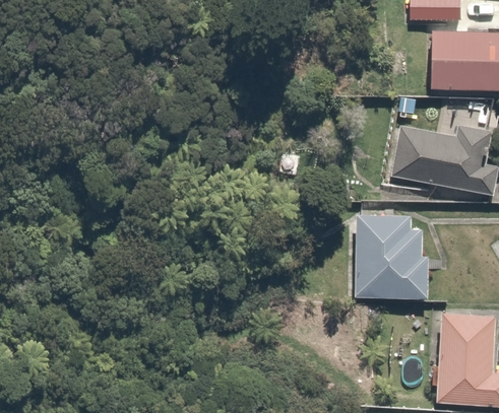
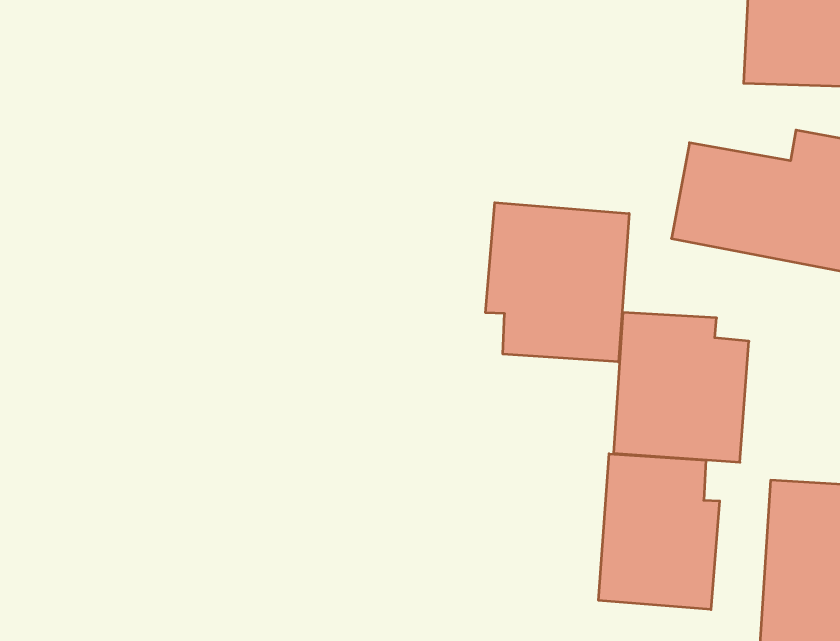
building: none -> [486,203,629,362]
building: none -> [599,454,720,610]

